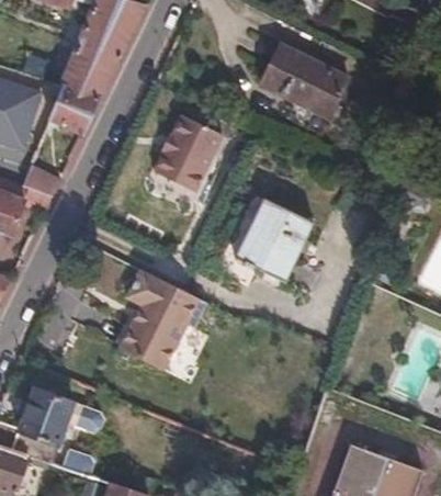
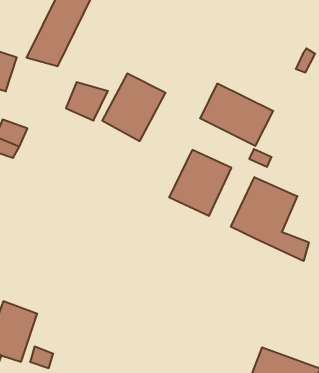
building: [259,44,349,121] -> [200,84,273,146]
building: [46,88,98,135] -> [66,82,108,121]
building: none -> [231,177,309,261]
building: [116,266,196,368] -> none

